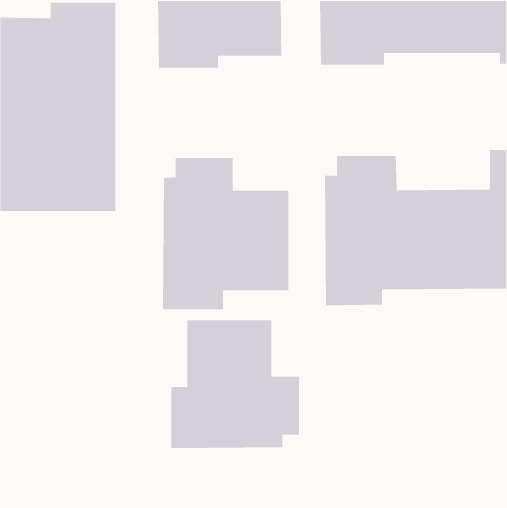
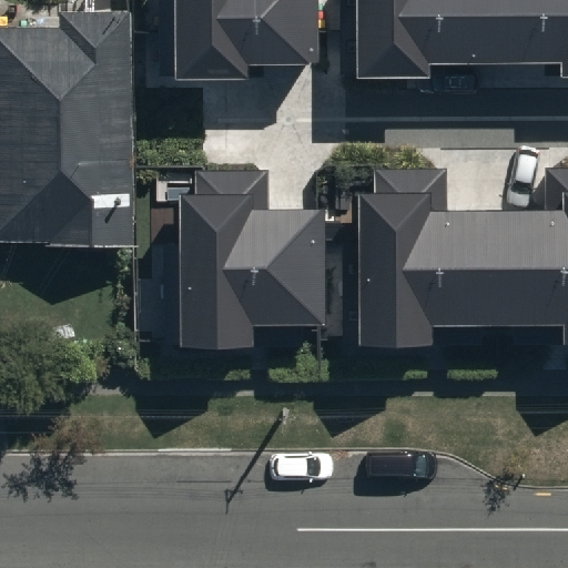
building: [171,319,300,449] -> none

